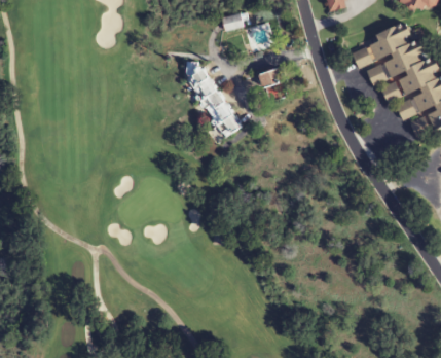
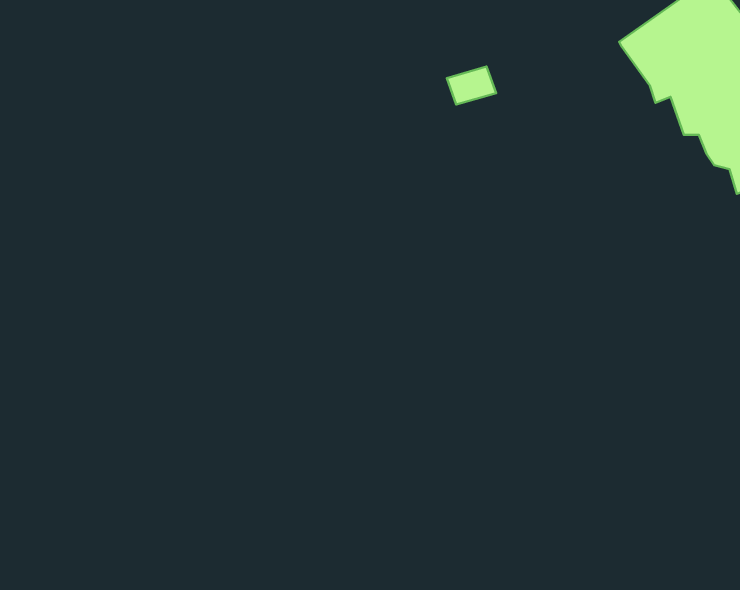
building: [178,56,242,137] -> none

